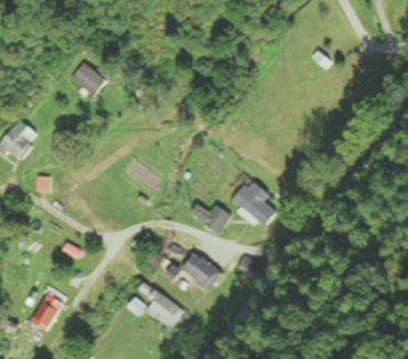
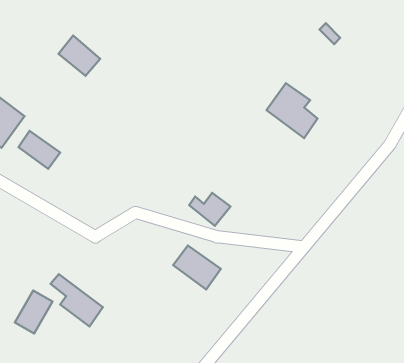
building: none -> [18,131,60,169]
building: [227,178,273,228] -> [266,83,318,138]
building: [132,281,180,328] -> [50,274,103,327]

